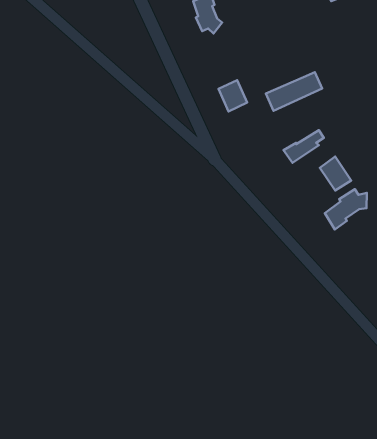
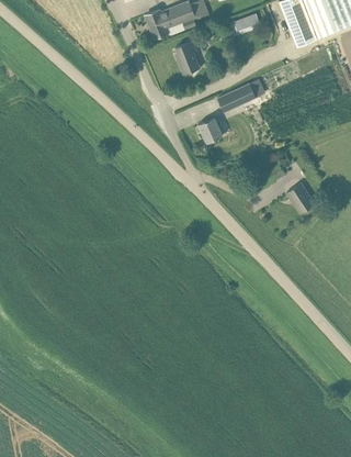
building: [266,72,322,111] -> [218,78,268,112]
building: [325,189,367,230] -> none

